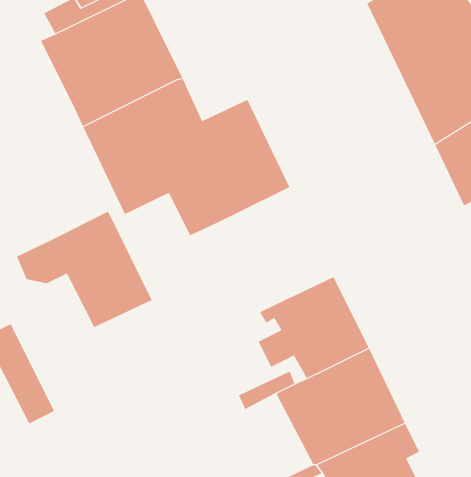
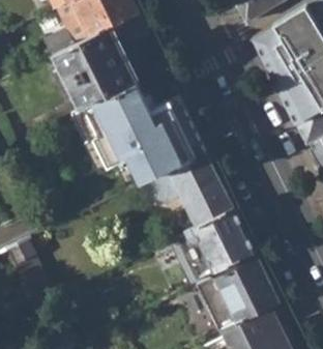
building: [16,211,152,328] -> [146,152,233,227]

